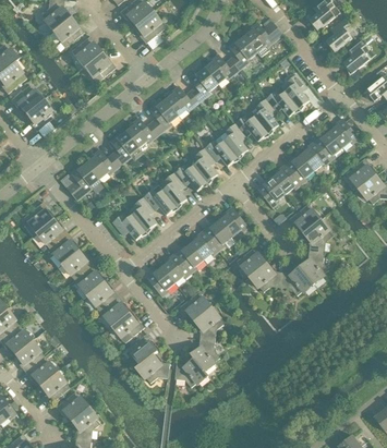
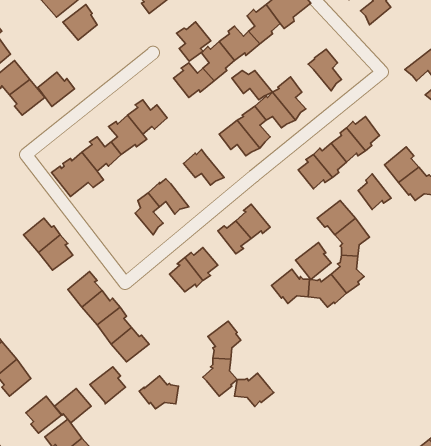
building: [342,39,375,74] -> none
building: [83,53,114,83] -> [38,72,75,106]
building: [265,92,300,117] -> [232,71,273,100]
building: [148,99,178,133] -> [176,22,211,61]
building: [329,118,358,148] -> [358,174,391,209]
building: [192,147,217,184] -> none
building: [162,172,186,209] -> none
building: [256,178,285,207] -> none
building: [23,202,53,233] -> none
building: [112,215,147,240] -> none
building: [190,230,218,259] -> none
building: [235,245,266,277] -> [295,243,331,279]
building: [61,251,93,280] -> none
building: [145,267,174,296] -> none
building: [179,291,211,320] -> none
building: [126,334,157,365] -> [90,367,126,404]
building: [24,356,56,386] -> [54,388,91,423]
building: [173,359,207,387] -> [235,373,274,406]

